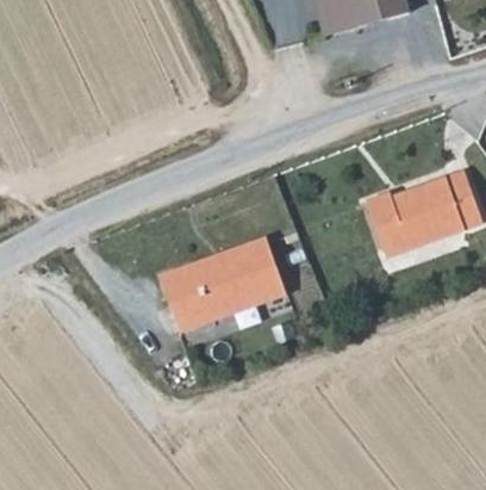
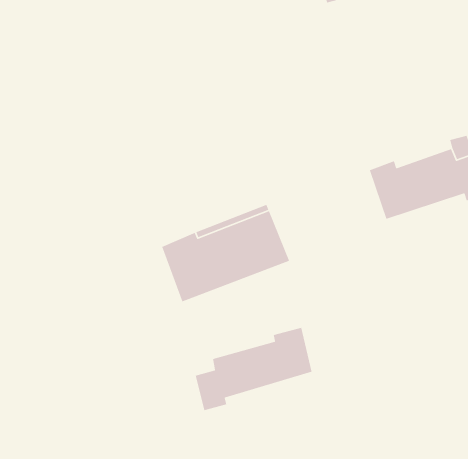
building: none -> [195,327,313,411]

